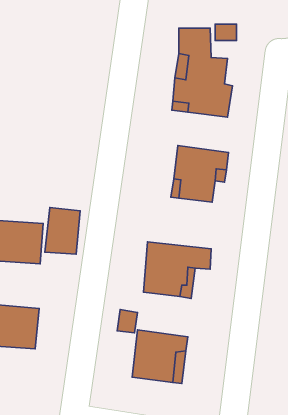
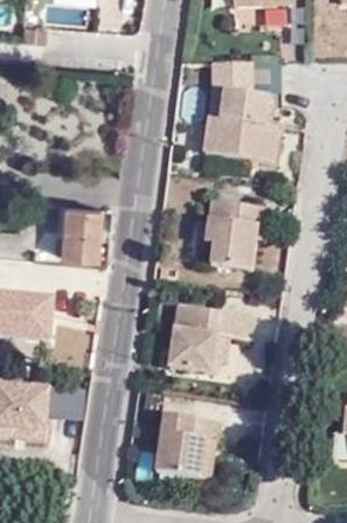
building: [45,208,80,254] -> [58,202,99,257]

